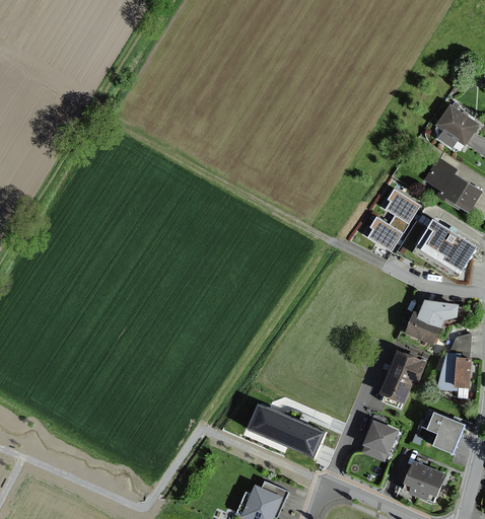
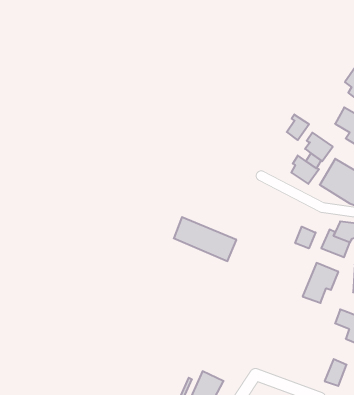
building: none -> [287,114,309,140]
building: none -> [295,227,316,248]
building: [240,403,319,458] -> [174,217,236,261]
building: [355,419,392,460] -> none
building: [397,462,423,496] -> none

